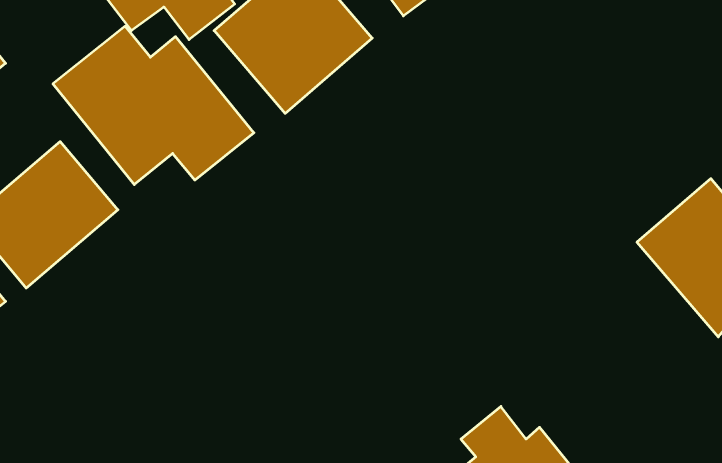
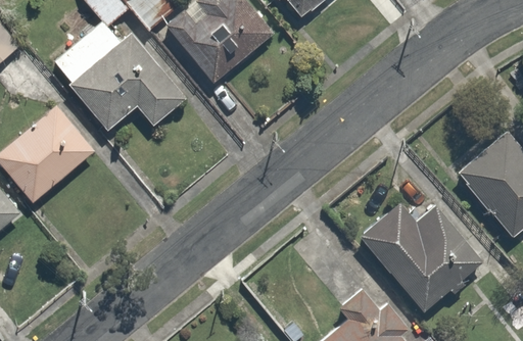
building: none -> [361,201,486,314]

